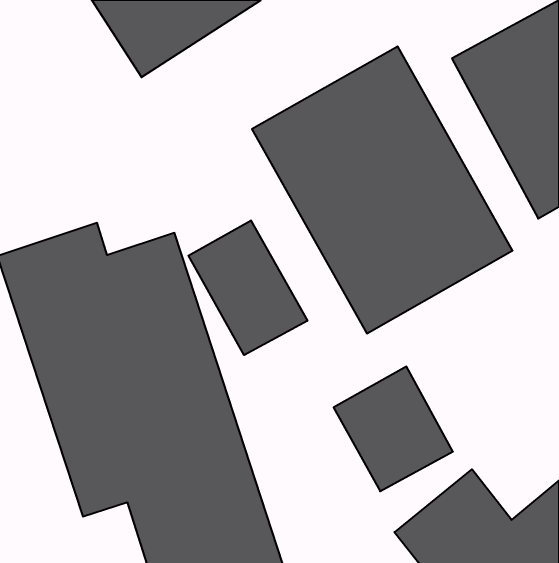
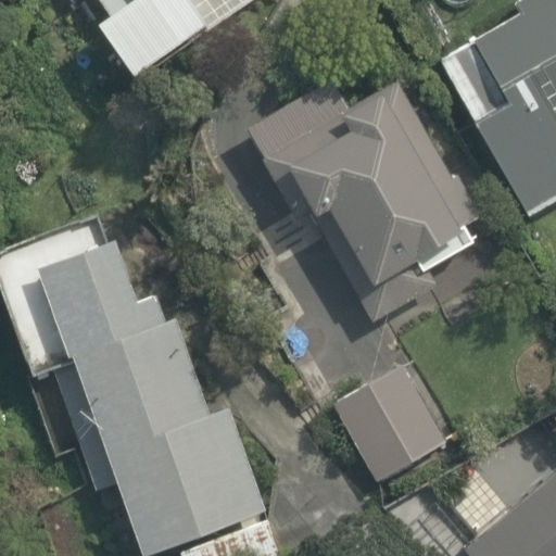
building: [188,220,307,355] -> none

